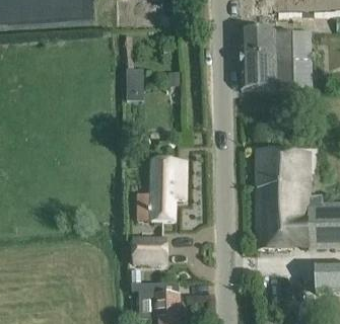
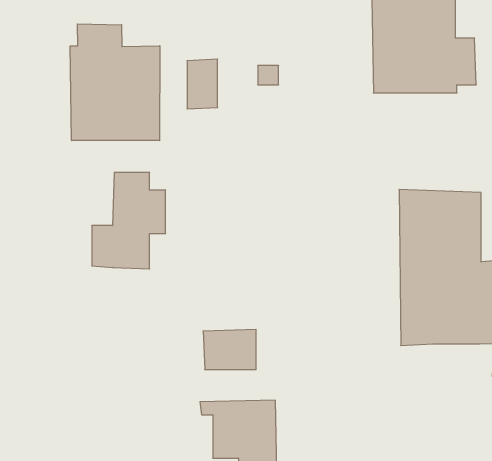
building: none -> [70,24,160,141]
building: [138,159,185,220] -> [92,172,166,269]

